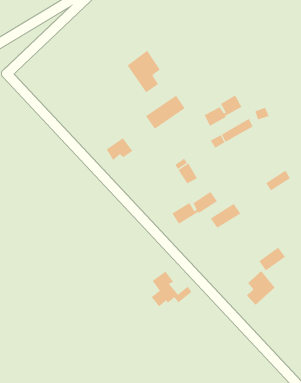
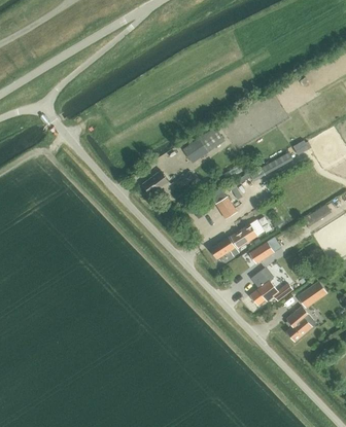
building: [127,50,161,93] -> none
building: [204,95,242,127] -> none
building: [151,271,192,307] -> [249,268,291,305]

